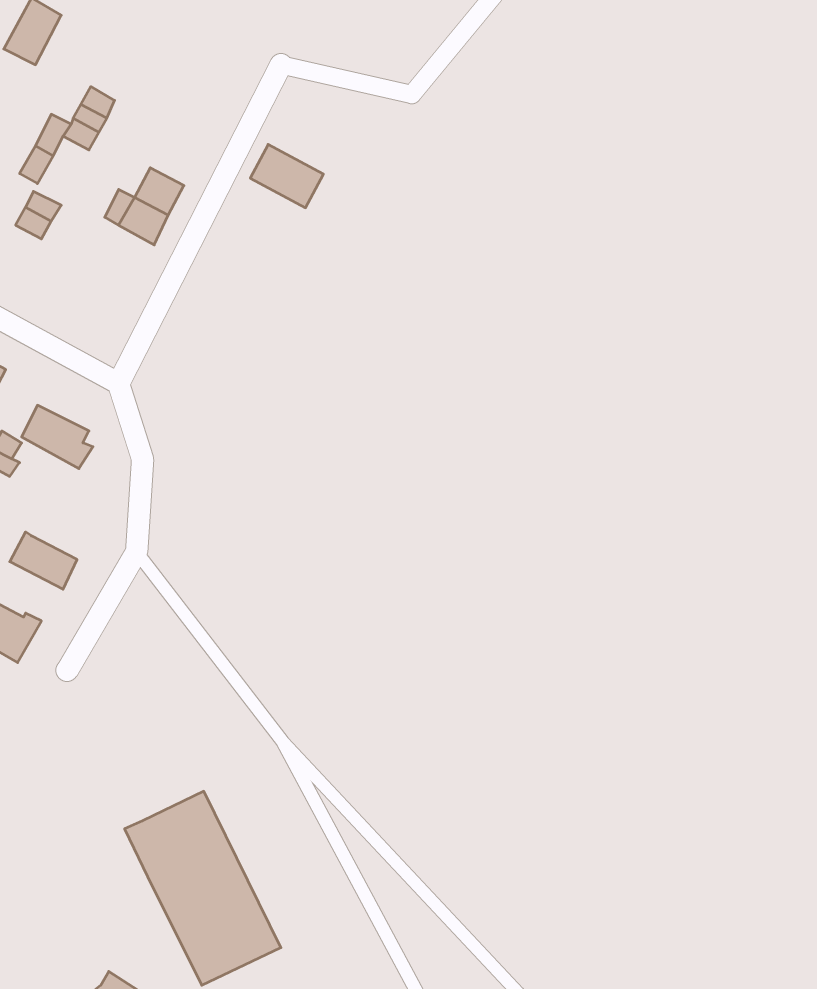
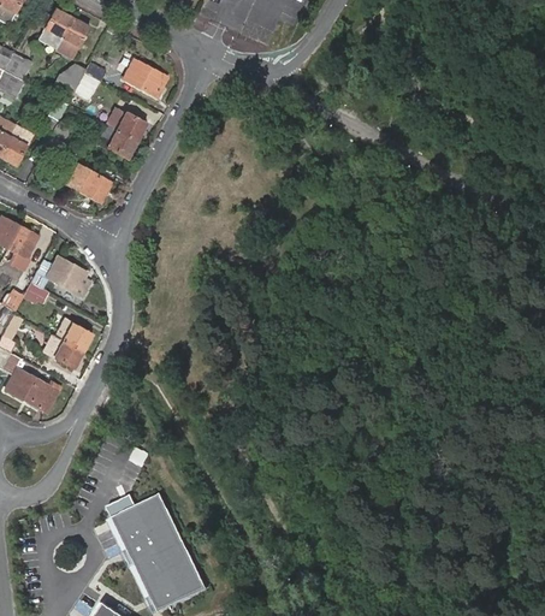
building: none -> [57,19,89,59]
building: [250,144,323,208] -> [123,58,167,96]
building: none -> [67,165,112,202]
building: none -> [54,319,91,350]

